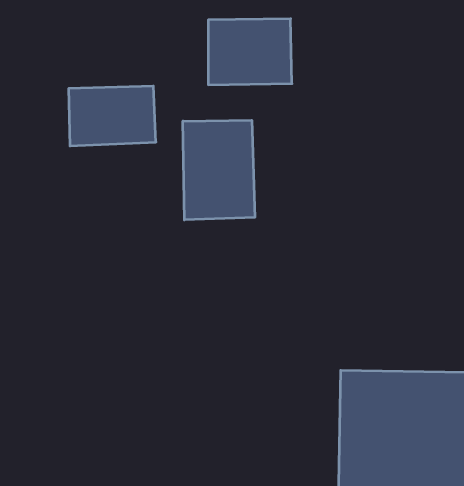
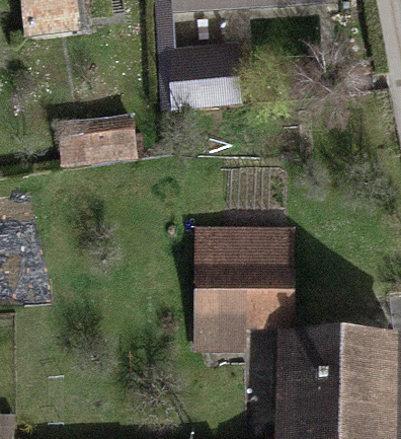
building: [183,120,255,220] -> none
building: none -> [196,231,293,350]

